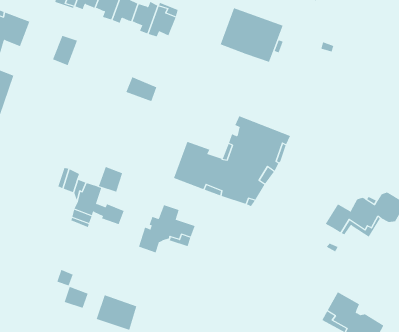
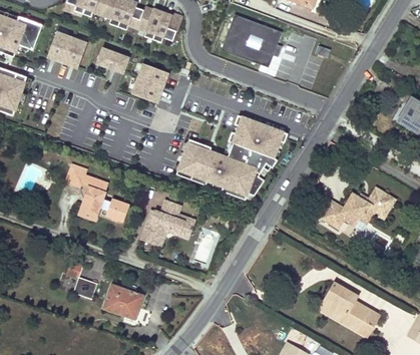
building: none -> [46,33,71,62]
building: none -> [97,48,129,73]
building: none -> [137,63,167,88]
building: [98,166,123,192] -> none

